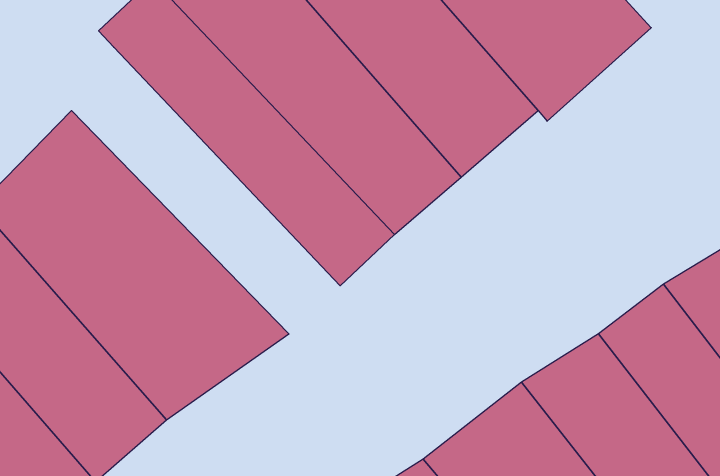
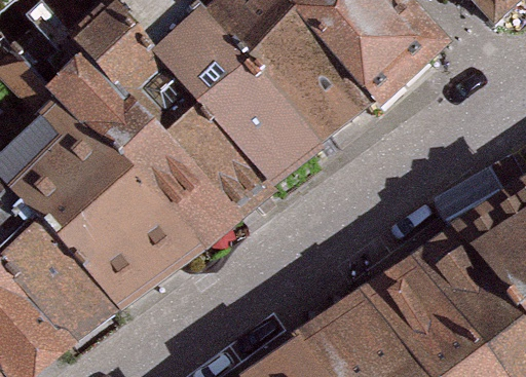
building: none -> [43,60,234,255]

